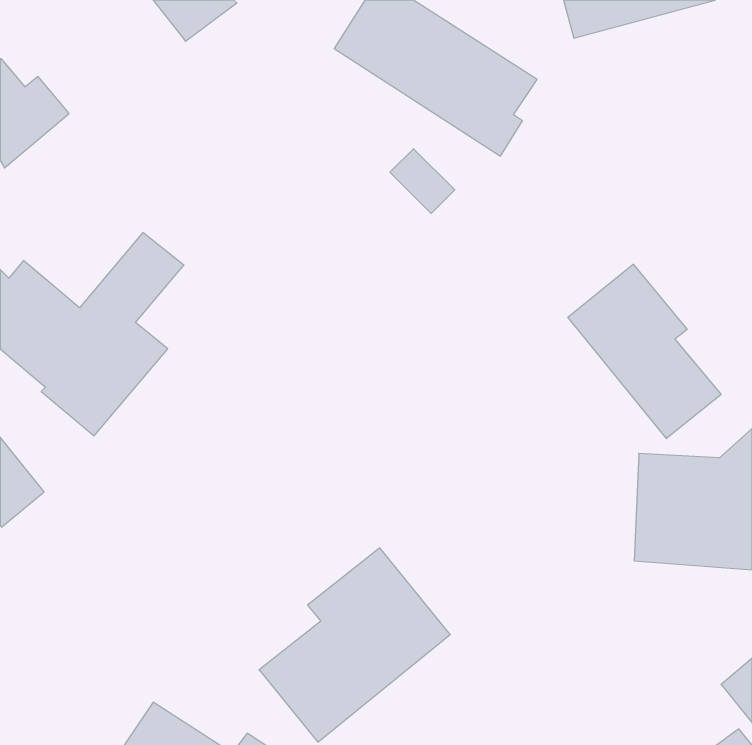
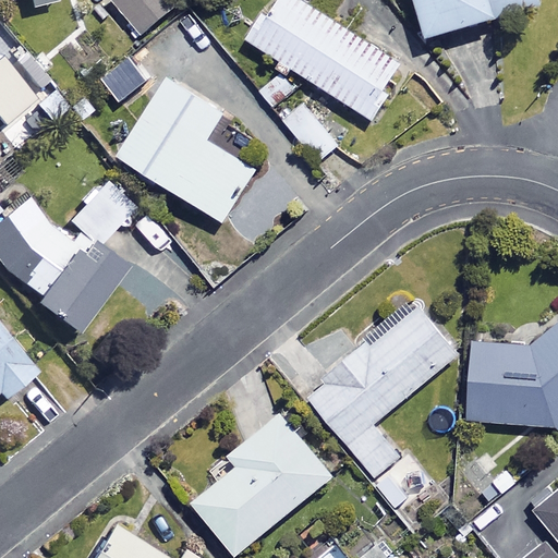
building: none -> [117,74,255,221]
building: [568,264,721,439] -> none
building: none -> [307,305,462,478]

